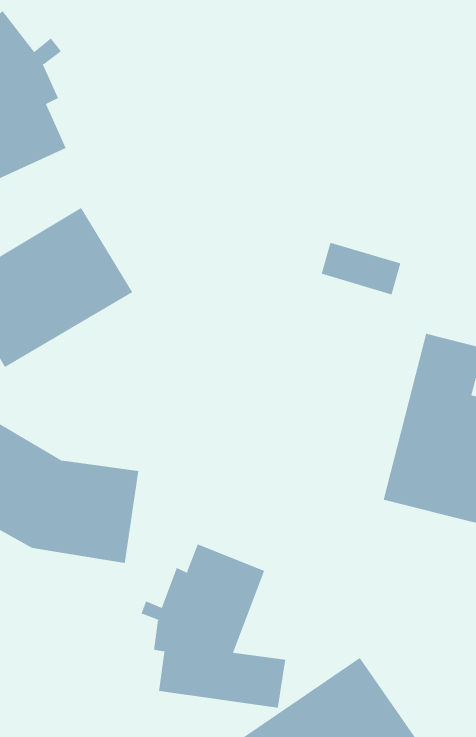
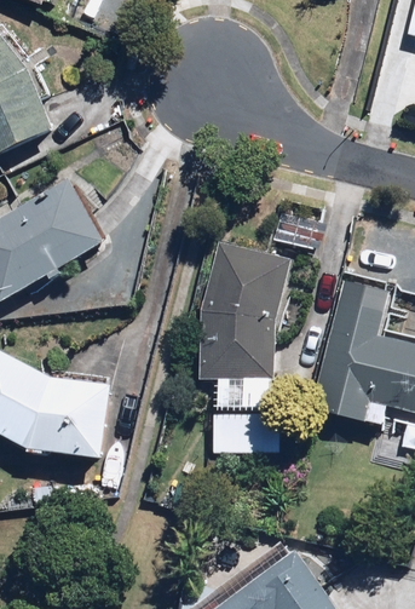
building: none -> [197,239,292,450]
building: [141,544,286,709] -> none

